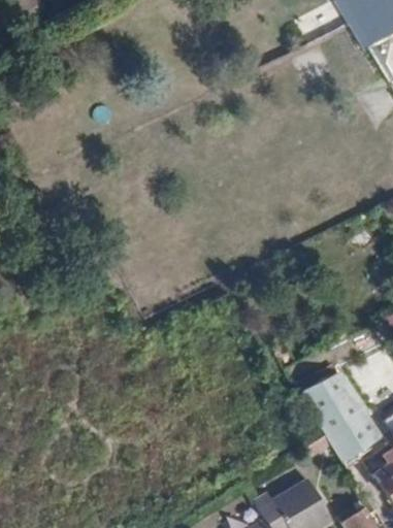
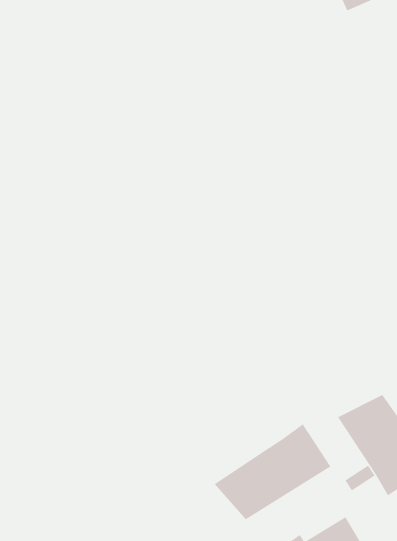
building: none -> [214,424,331,520]

